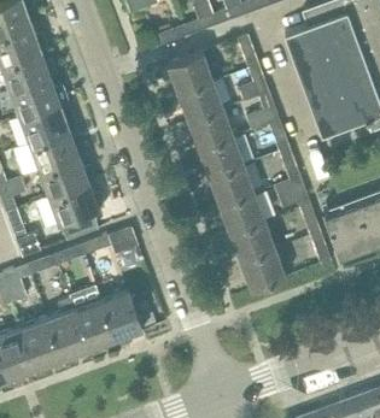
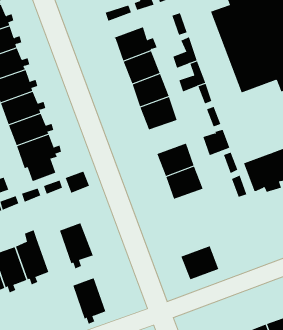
building: [209,160,255,201] -> none
building: [239,243,286,285] -> [180,245,219,280]
building: [74,294,115,351] -> [72,278,106,324]

